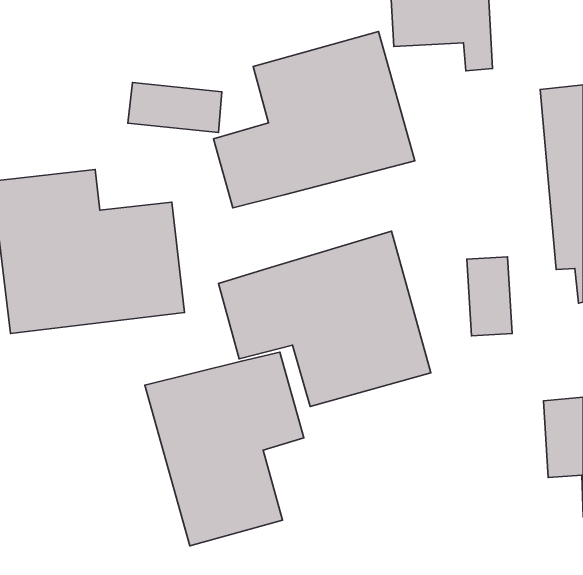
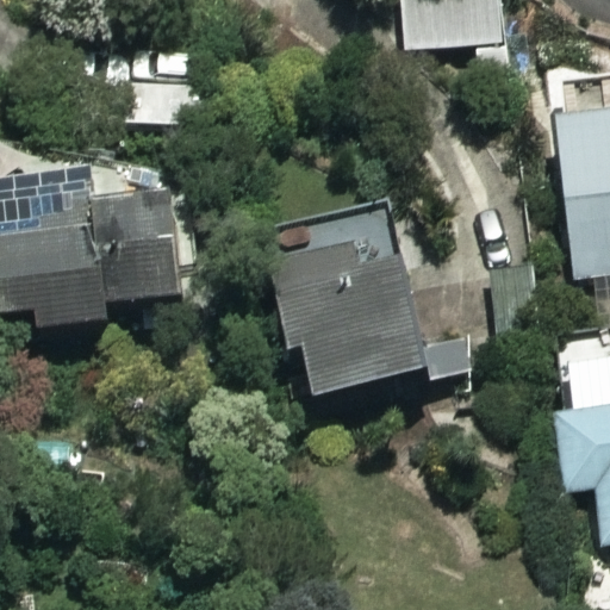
building: [213,31,415,208] -> none
building: [145,352,304,546] -> none

